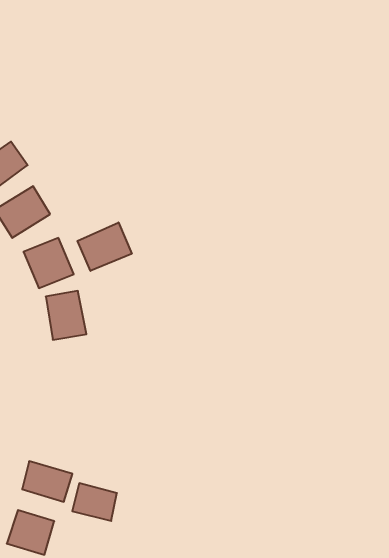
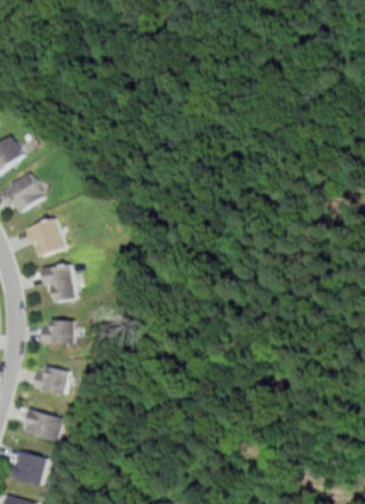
building: [77,222,132,271] -> none
building: none -> [41,319,75,344]
building: [72,483,117,521] -> [32,363,70,396]

